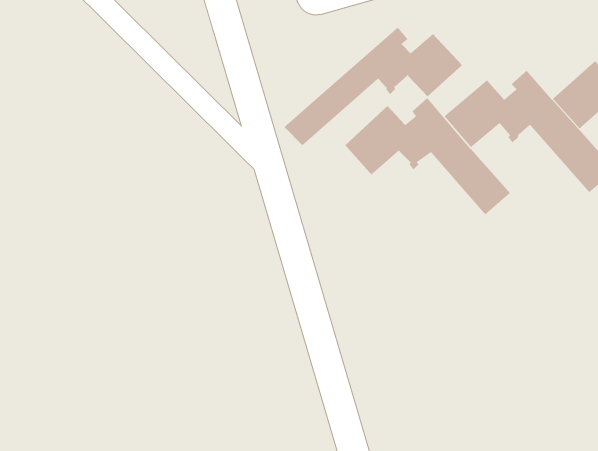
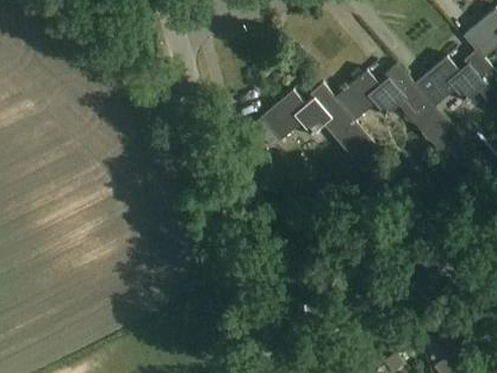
building: [283,27,463,146] -> none

